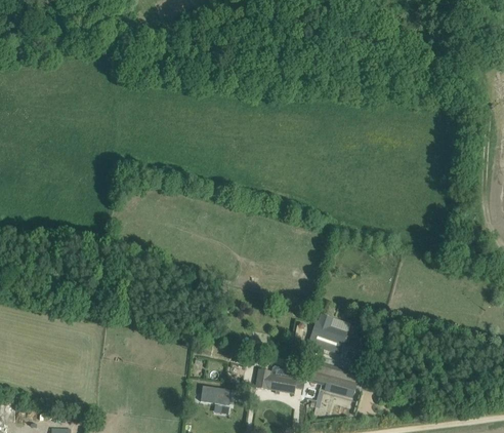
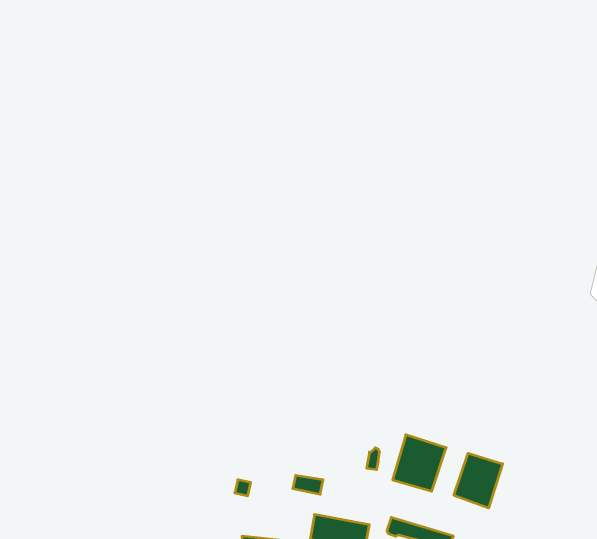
building: none -> [454,453,503,508]

